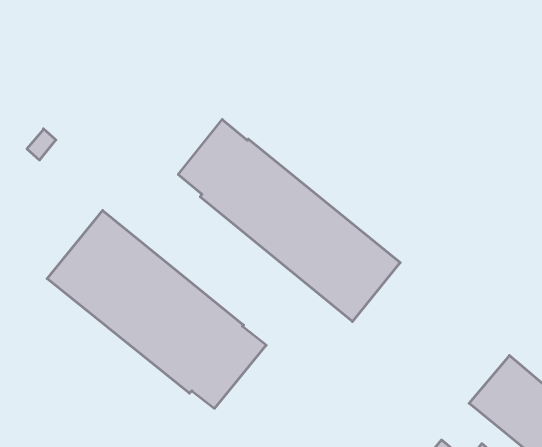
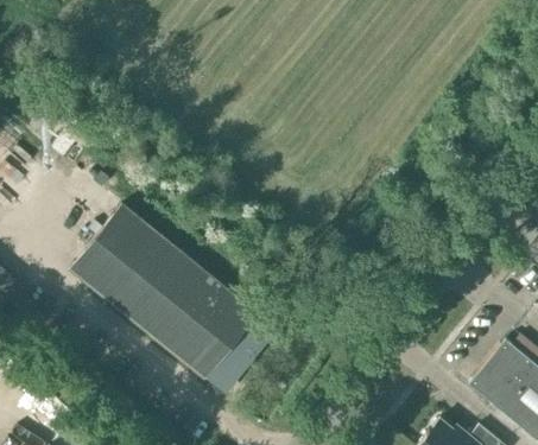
building: [178,119,400,322] -> none

